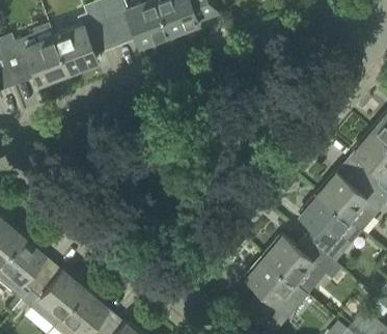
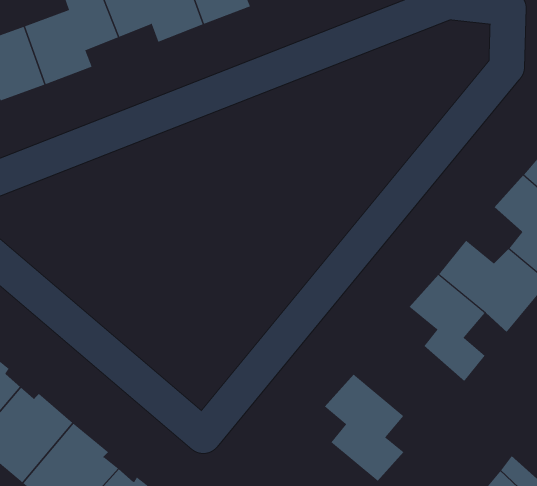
building: [264,235,340,291] -> none

